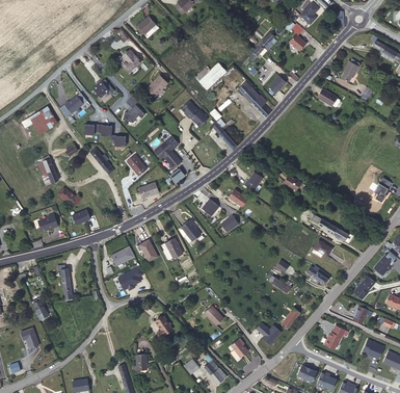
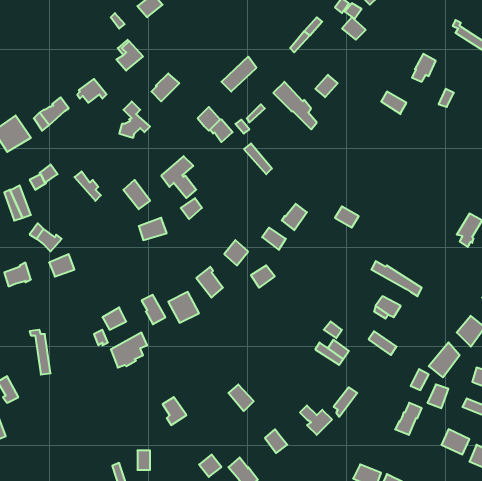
building: [84,124,126,147] -> none

